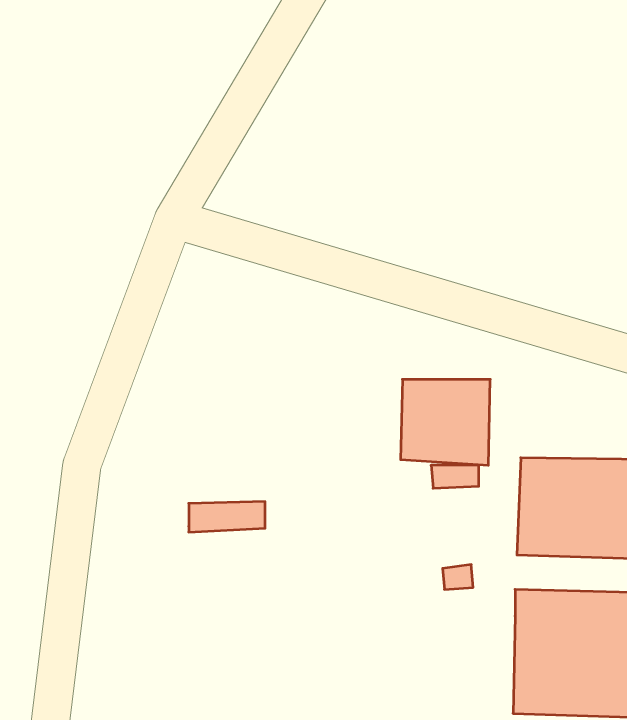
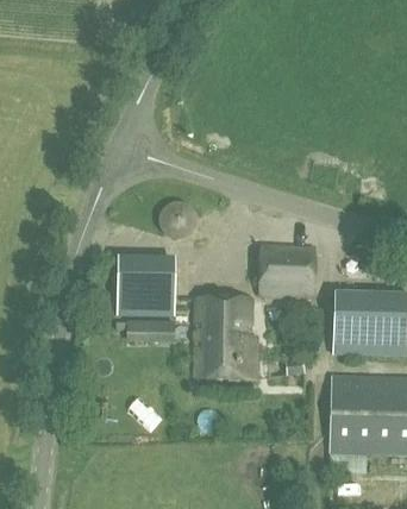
building: none -> [159,201,193,234]
building: none -> [117,264,175,313]
building: none -> [194,296,256,377]

